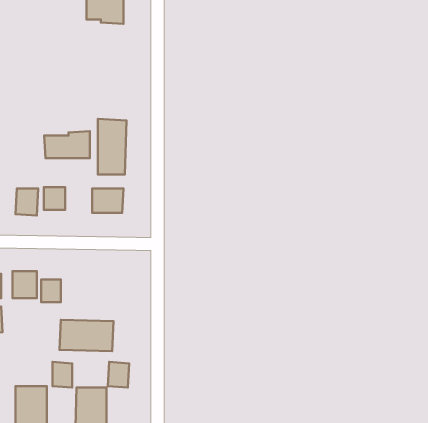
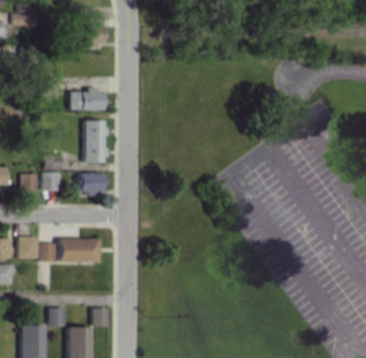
building: [44,131,90,158] -> [69,90,104,111]
building: [60,320,114,351] -> [58,239,99,263]

